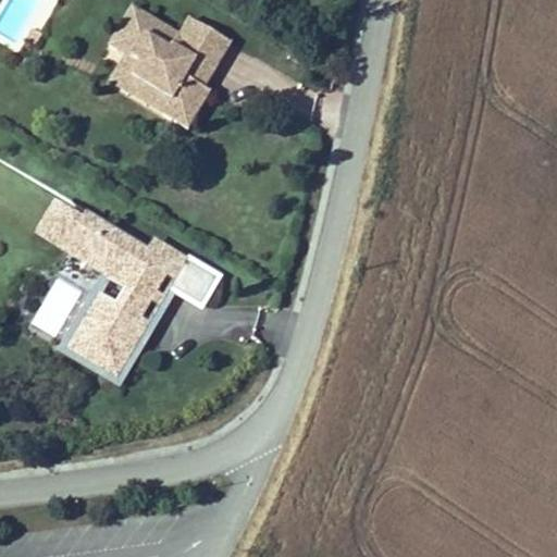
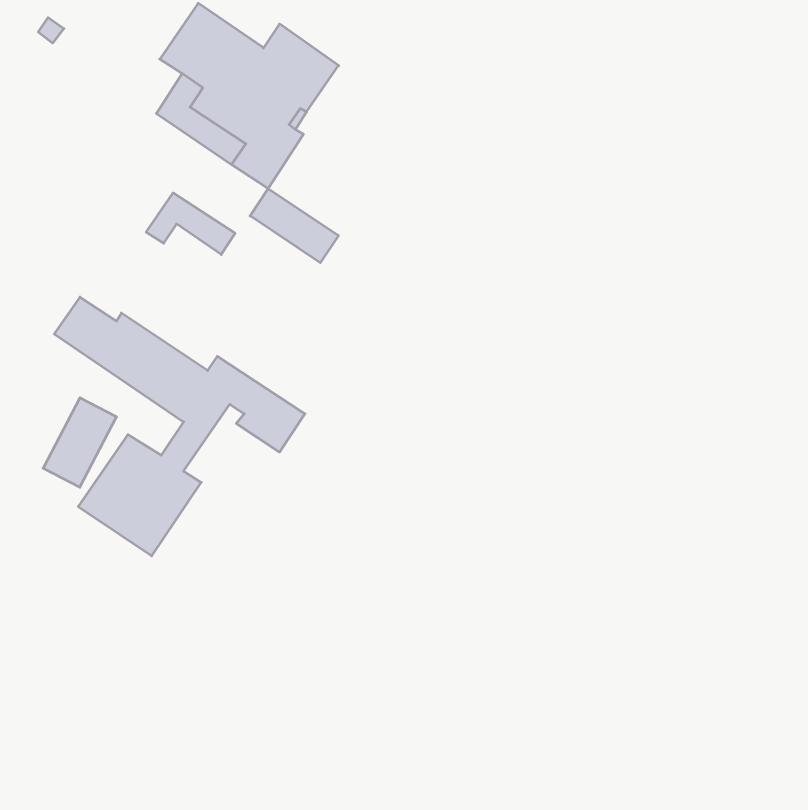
building: none -> [250,189,338,263]
building: none -> [146,193,235,255]

